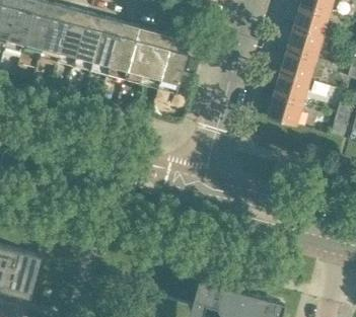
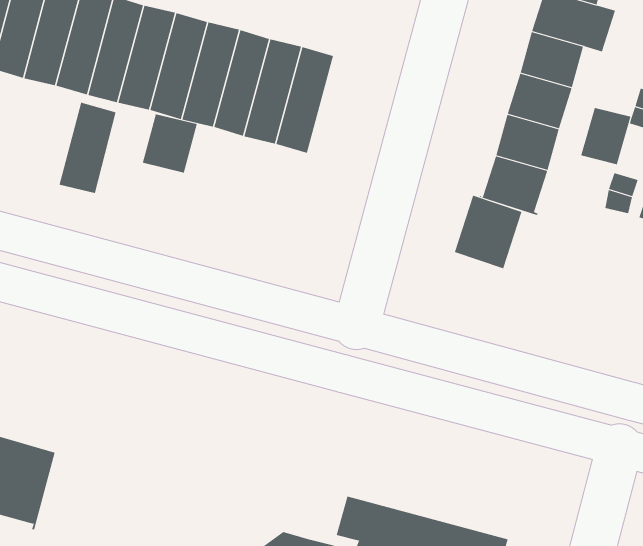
building: none -> [59,102,116,194]
building: none -> [580,107,631,165]
building: none -> [142,113,198,173]
building: none -> [454,195,522,269]

